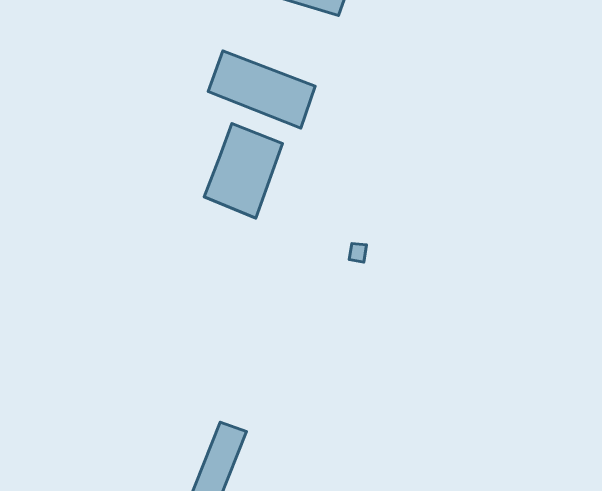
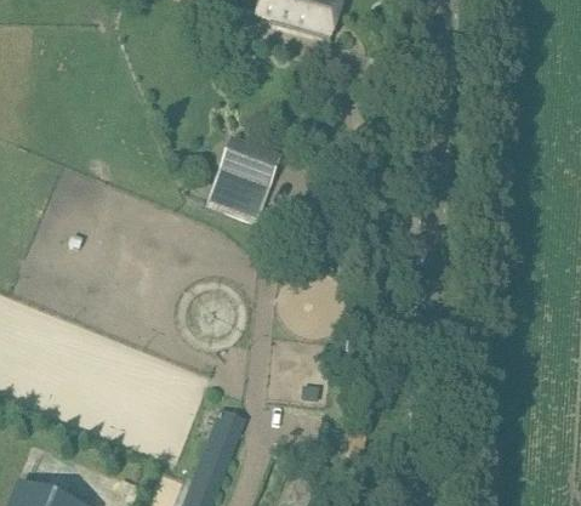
building: [208,51,315,128] -> none

